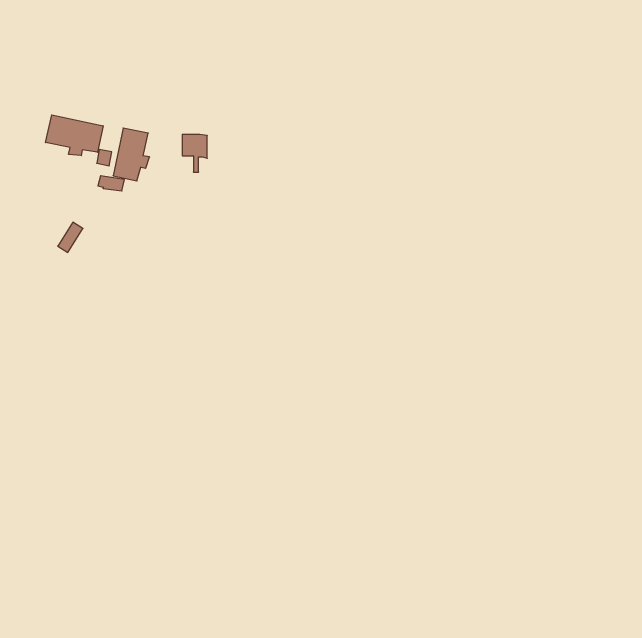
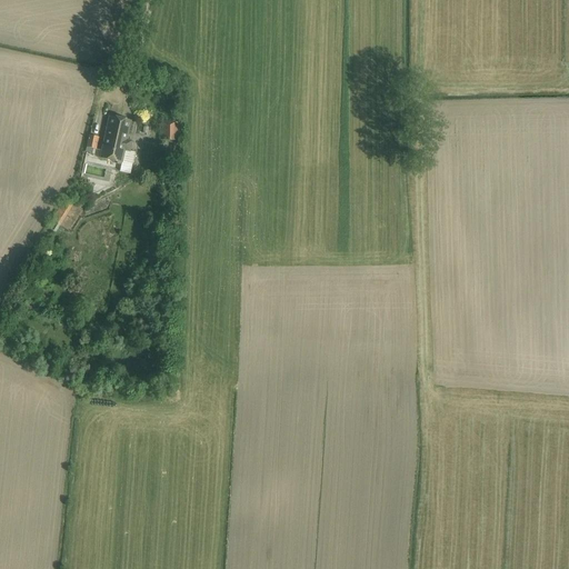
building: [46,115,103,156] -> none

